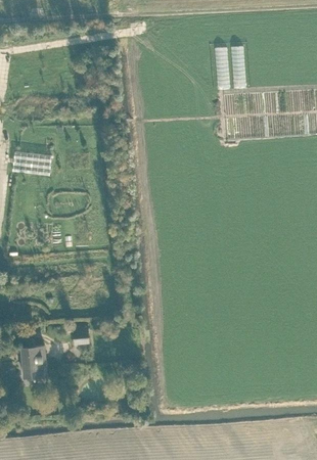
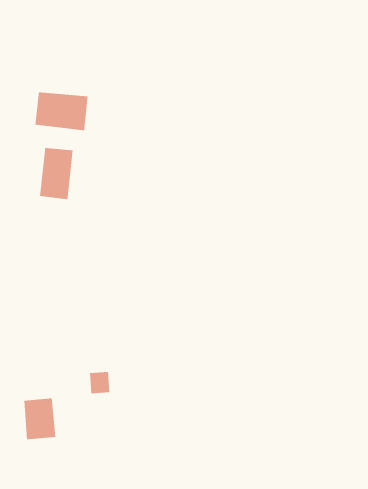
building: none -> [35,92,88,131]

